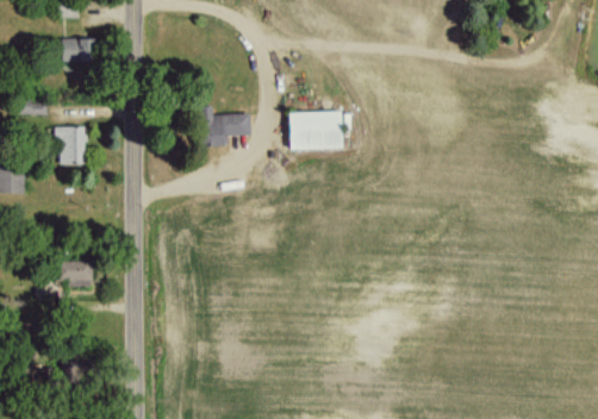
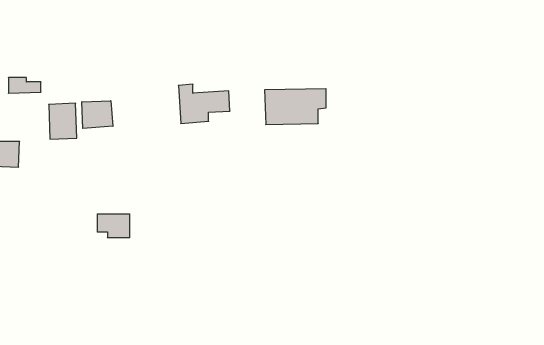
building: [62,38,93,62] -> none
building: none -> [82,101,113,128]
building: [57,262,92,287] -> [97,214,130,238]

